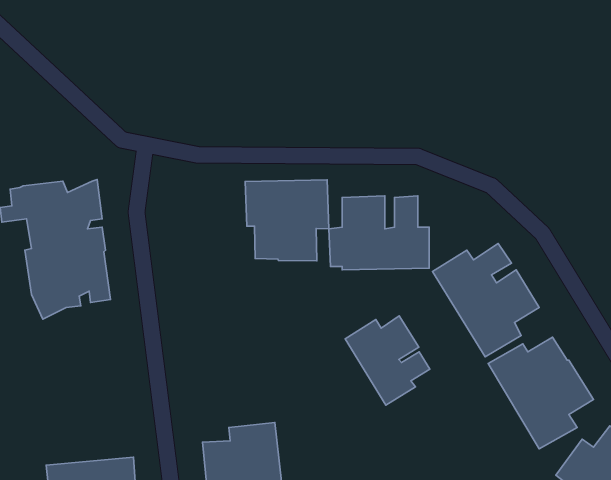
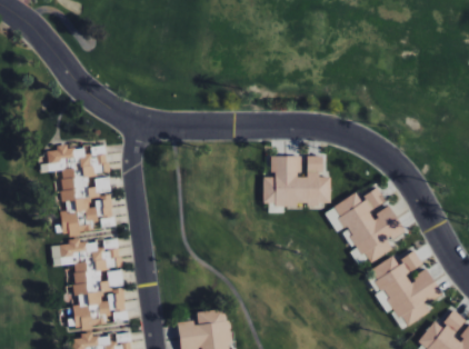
building: [245,180,329,261] -> none
building: [345,316,430,405] -> none
building: none -> [51,239,127,329]

